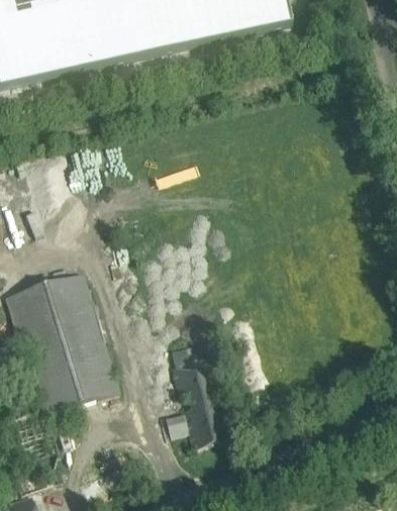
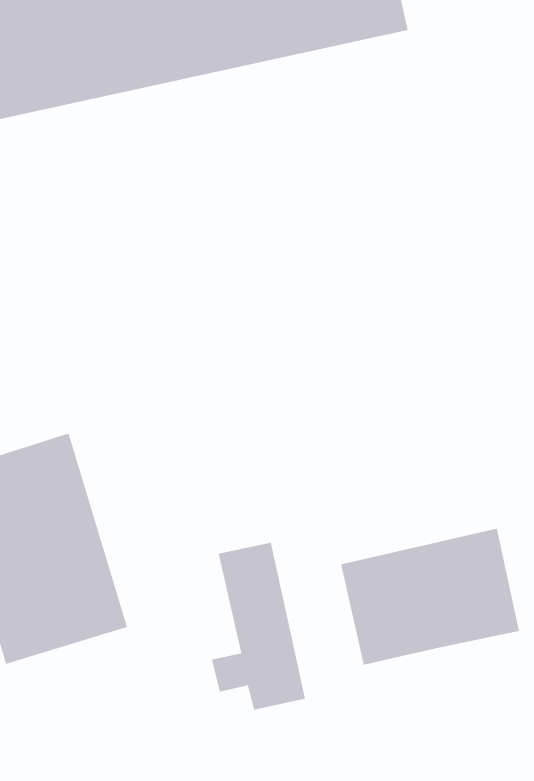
building: none -> [341,528,520,666]

